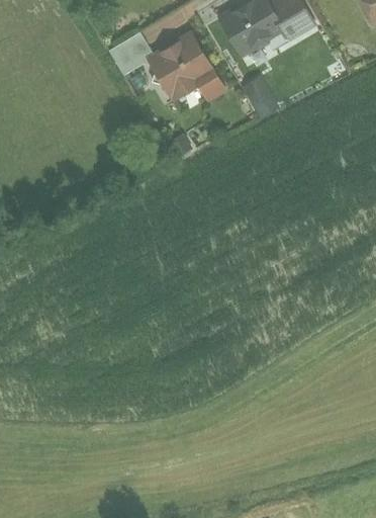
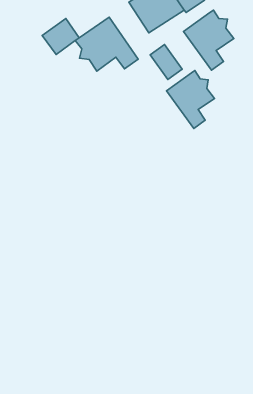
building: none -> [183,10,234,70]
building: none -> [167,71,214,129]

